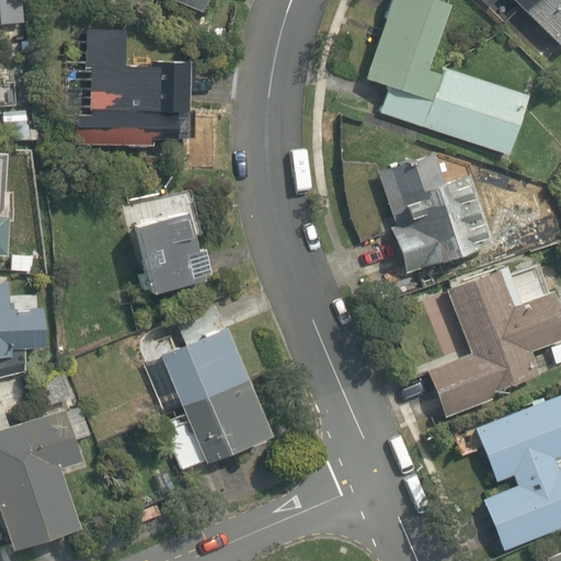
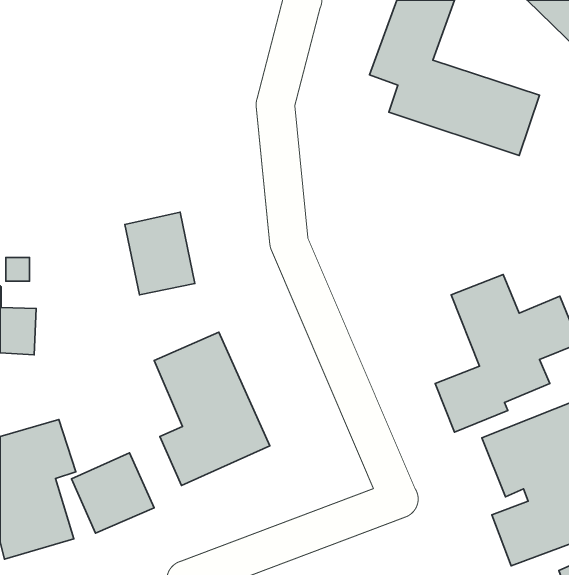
building: [73,18,188,148] -> none
building: [379,147,489,273] -> none
building: none -> [71,453,154,533]

